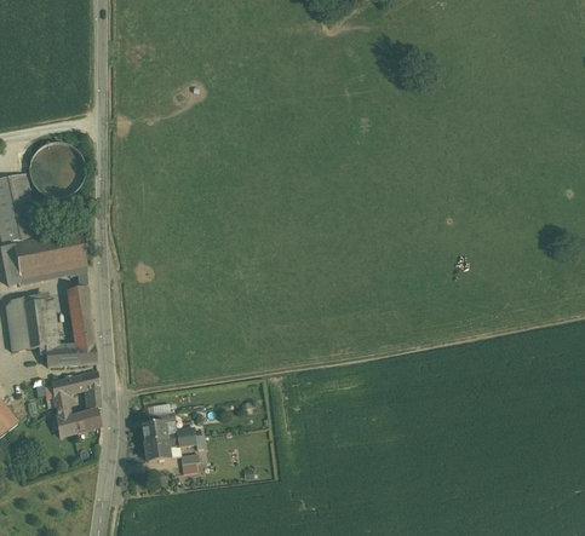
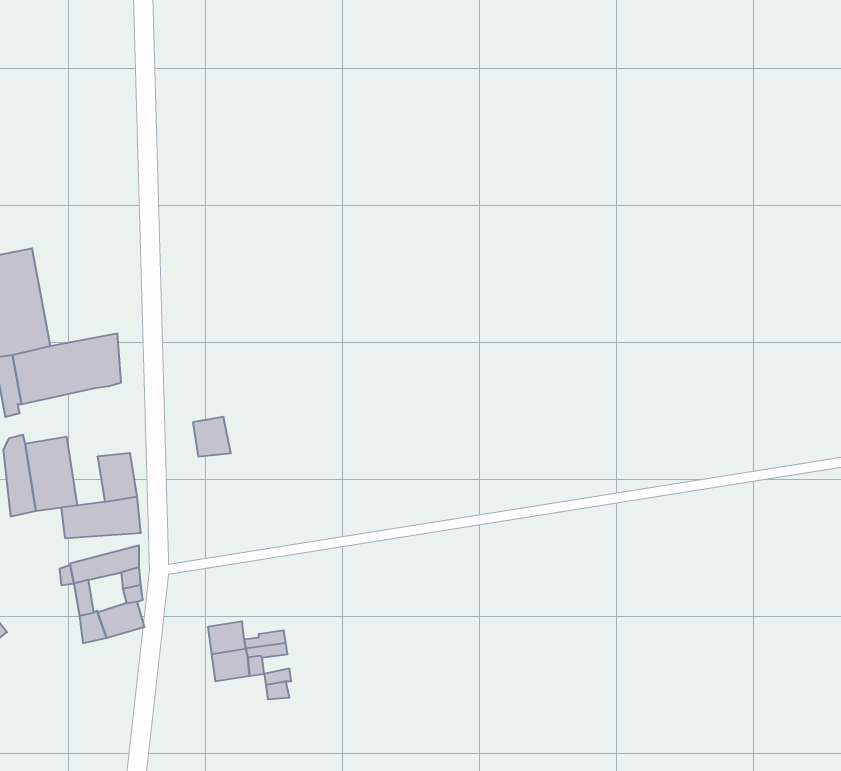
building: [29,143,82,196] -> none
building: [65,284,91,311] -> [193,417,231,457]

